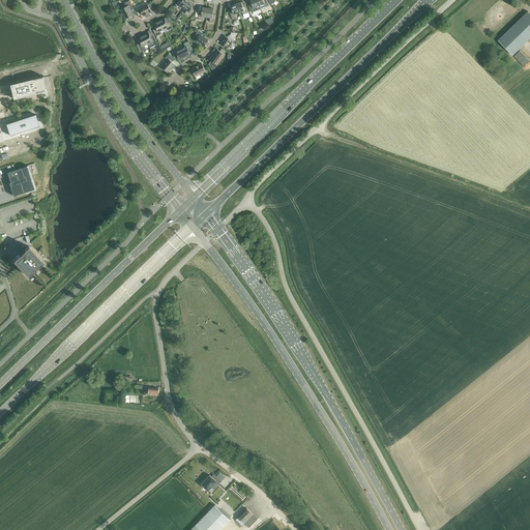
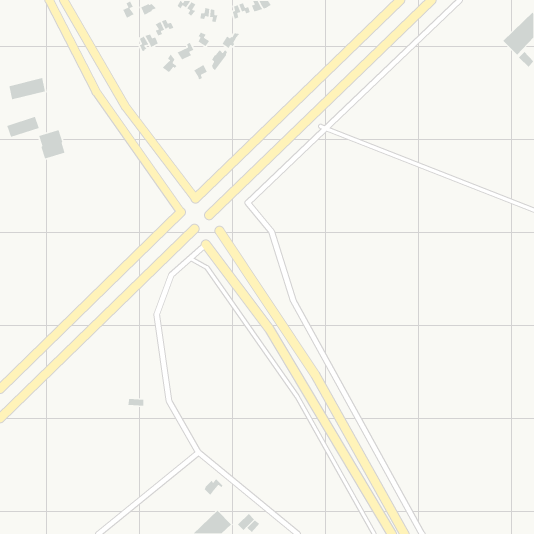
building: [7,166,34,196] -> [38,129,65,160]
building: [13,246,43,276] -> none

